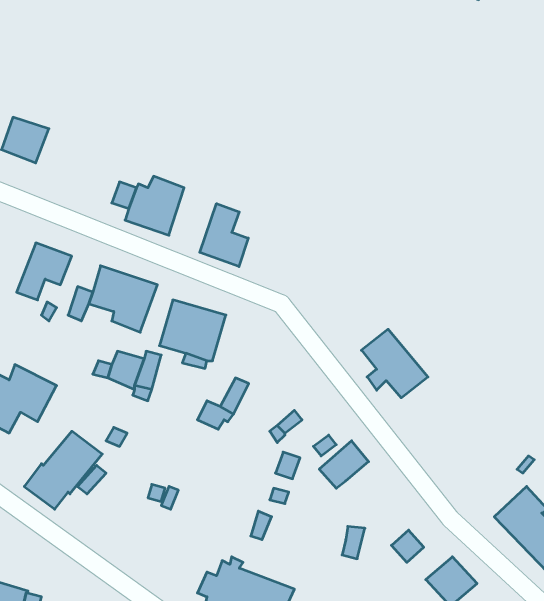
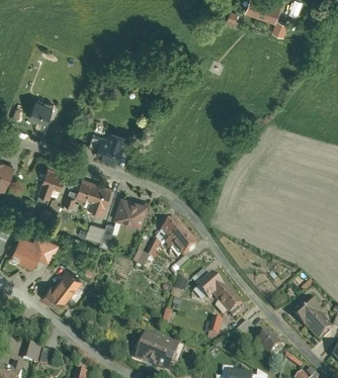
building: [200,204,248,267] -> none
building: [361,329,428,398] -> [160,219,195,256]
building: none -> [212,283,241,316]

